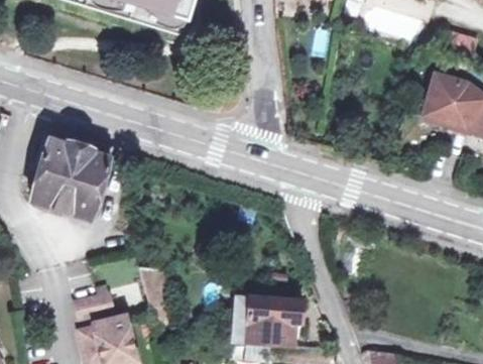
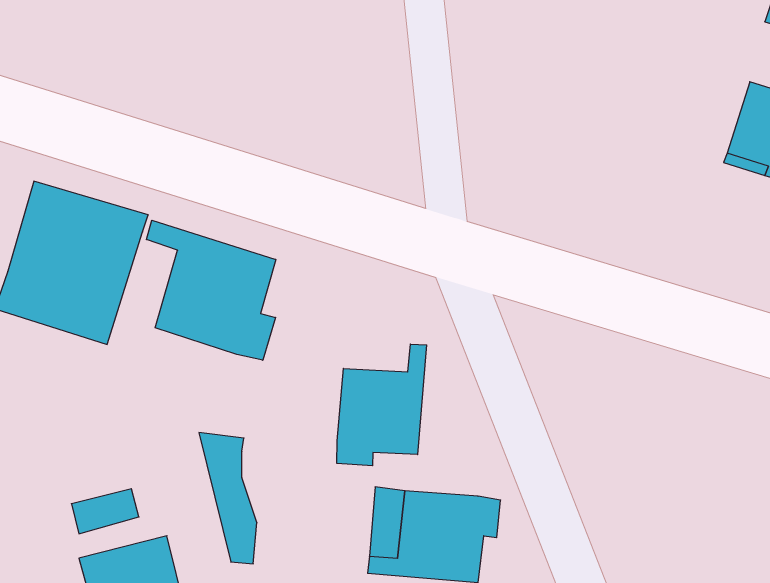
building: none -> [146,220,276,360]
building: none -> [337,344,427,466]

